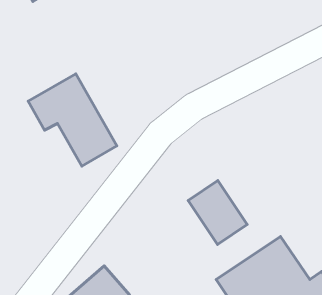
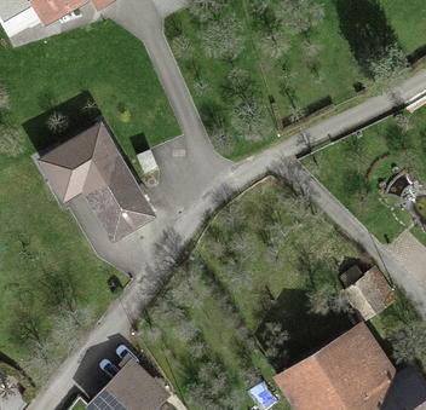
building: [188,181,247,244] -> none

